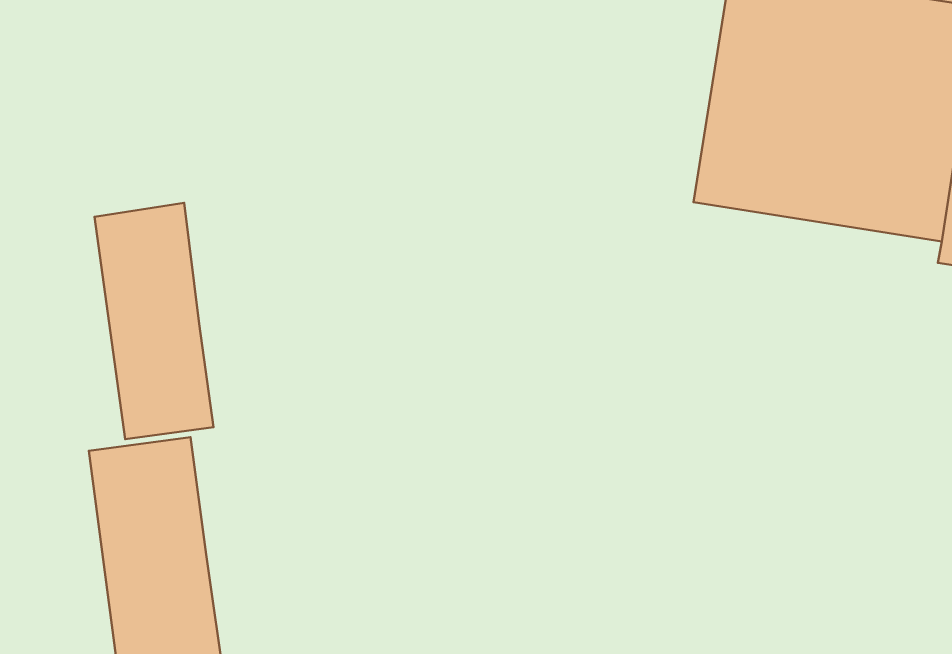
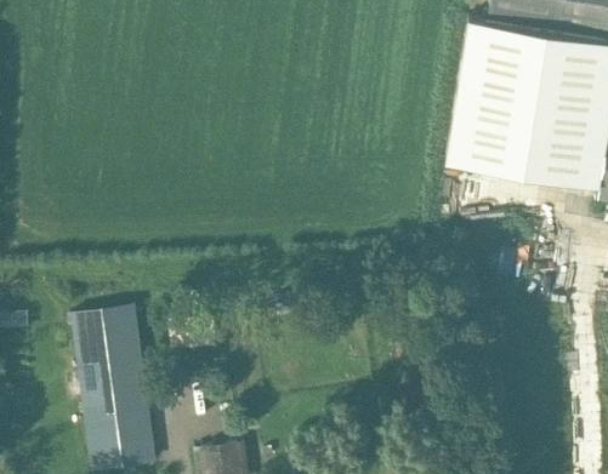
building: [94,203,213,439] -> none

